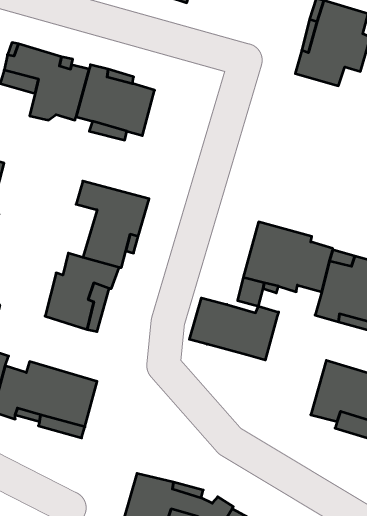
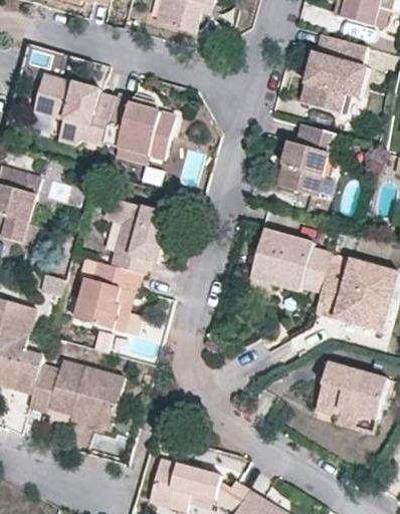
building: none -> [277,122,350,192]
building: [189,298,279,360] -> none

